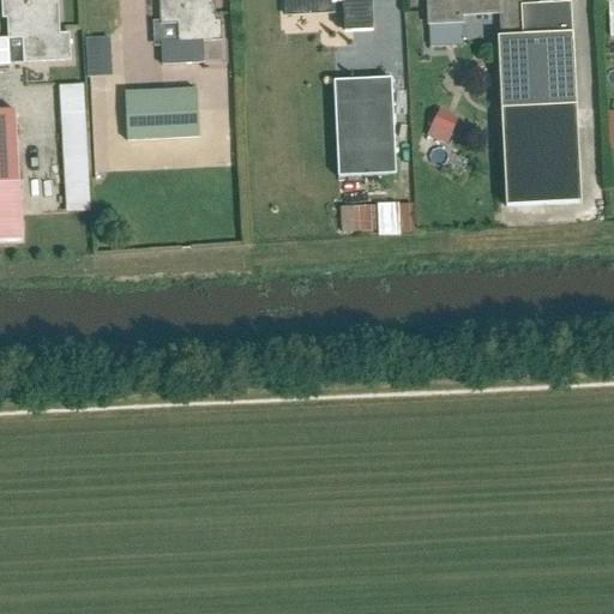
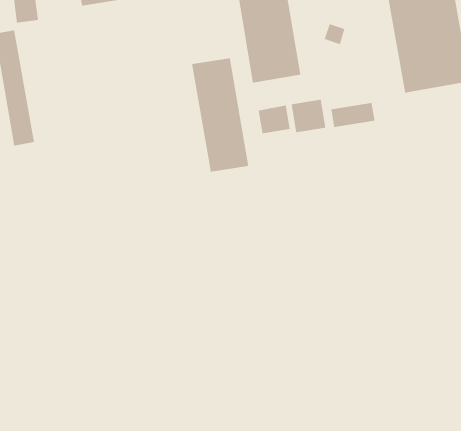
building: [125,89,198,139] -> none
building: none -> [192,57,249,173]
building: none -> [331,102,375,128]

